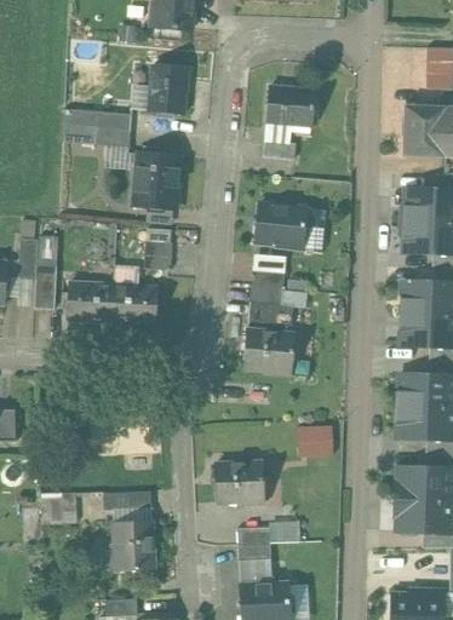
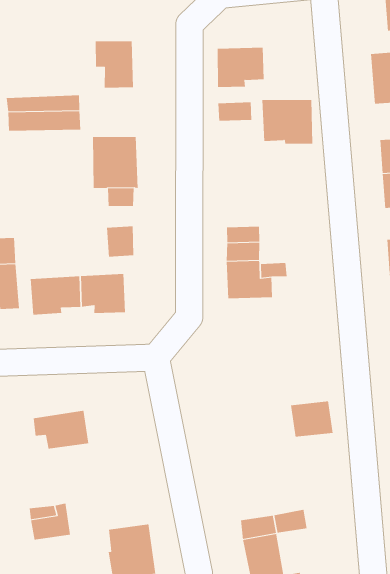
building: [256,202,305,248] -> [261,100,313,144]
building: [243,328,294,373] -> none
building: [216,460,264,503] -> none
building: [103,489,153,522] -> [33,410,89,449]

